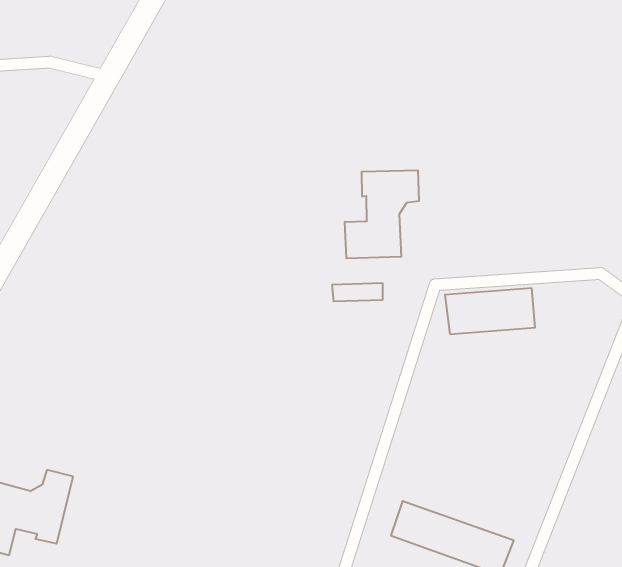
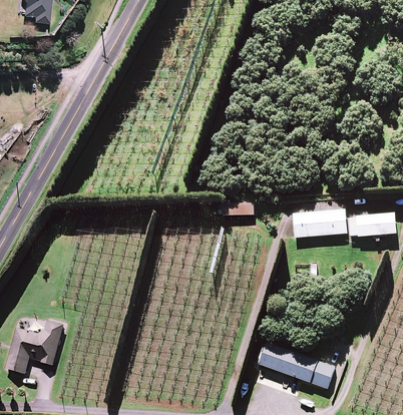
building: [345,170,419,258] -> none
building: none -> [349,212,397,237]

